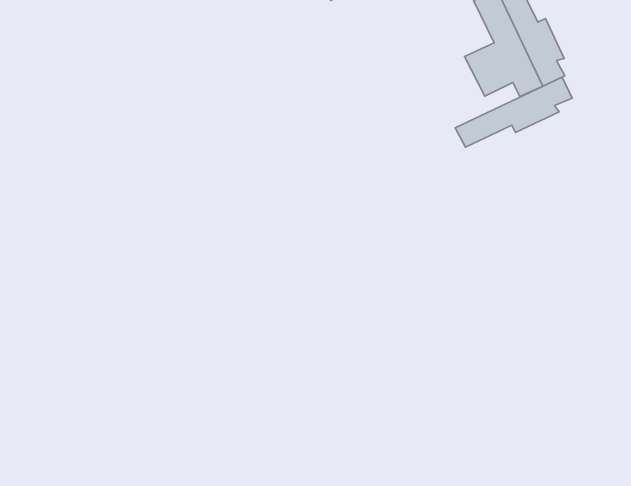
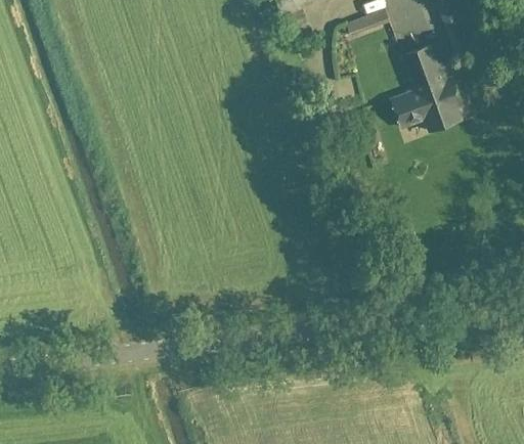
building: [455,77,572,147] -> none

